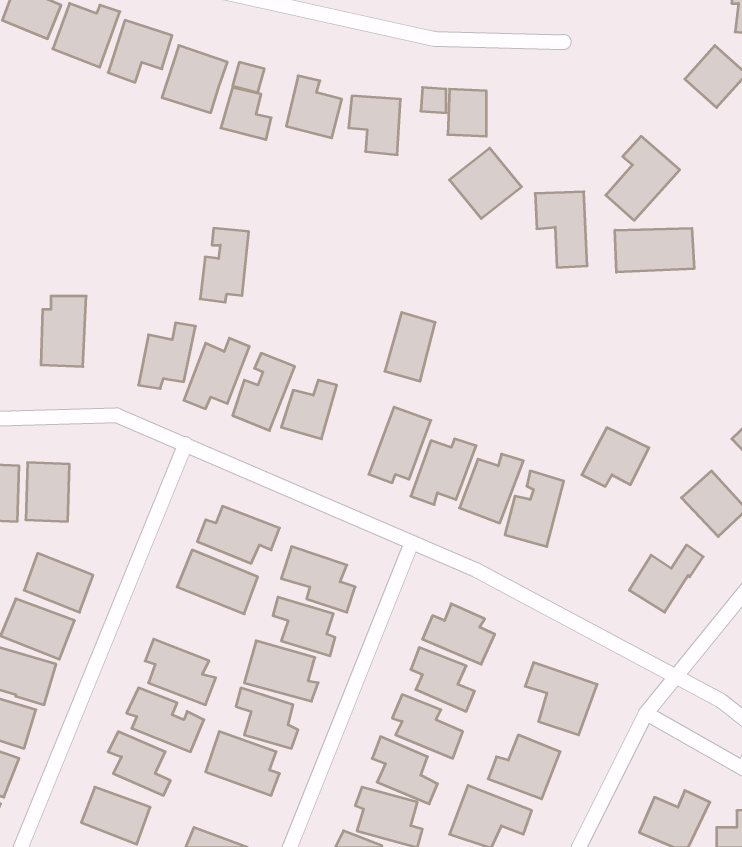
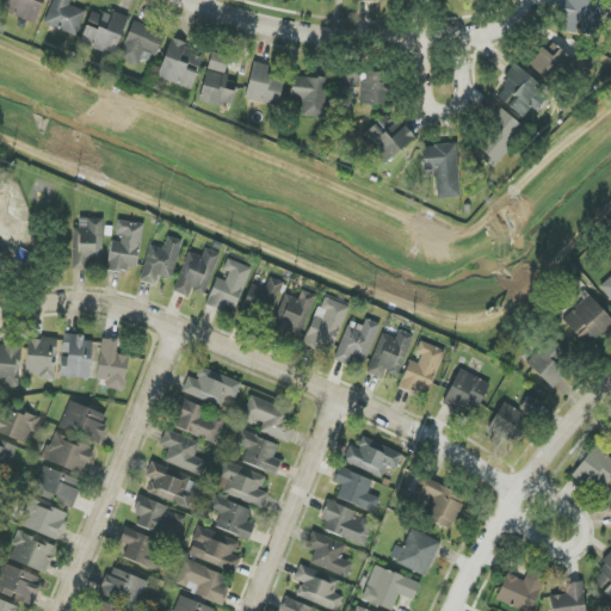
building: none -> [495,66,544,116]
building: [615,228,694,272] -> none
building: [200,228,249,302] -> [107,220,142,272]
building: [385,312,435,381] -> [278,286,314,335]
building: [582,428,649,486] -> [443,369,490,411]
building: none -> [97,337,129,390]
building: none -> [160,428,205,475]
building: none -> [175,558,232,603]

